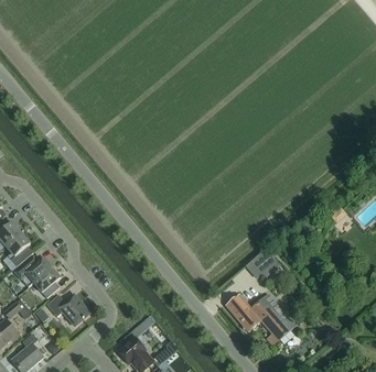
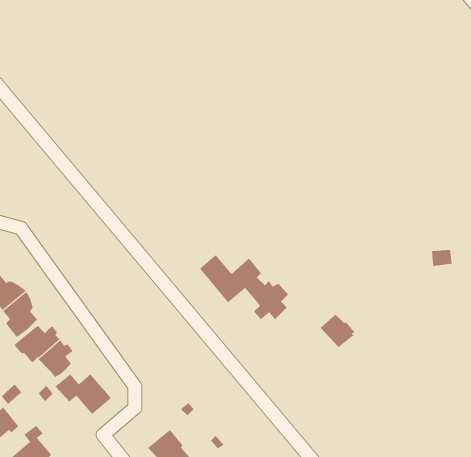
building: [226,293,296,343] -> [199,255,289,320]

